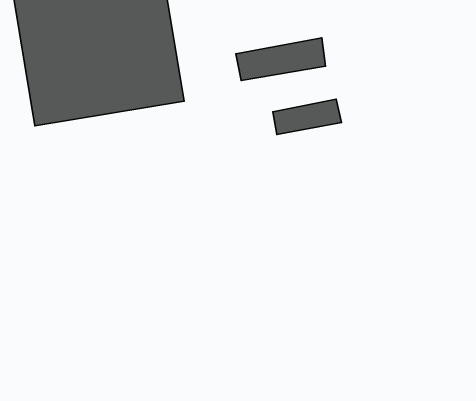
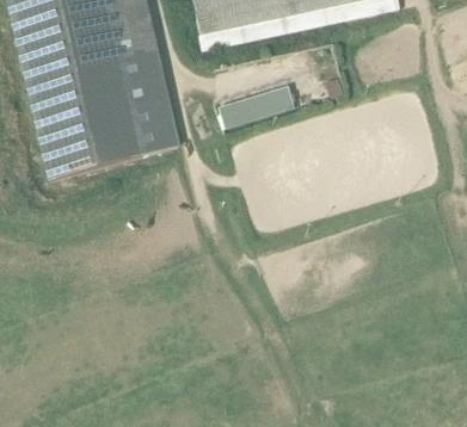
building: [273,99,342,134] -> none

